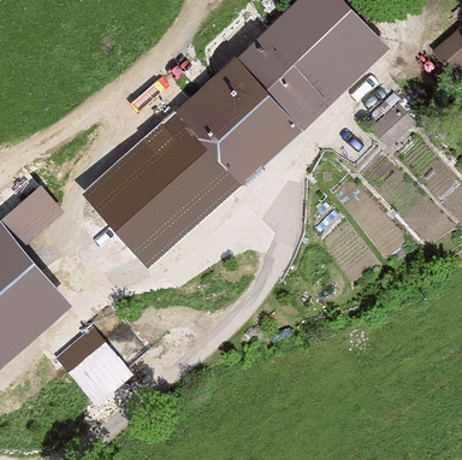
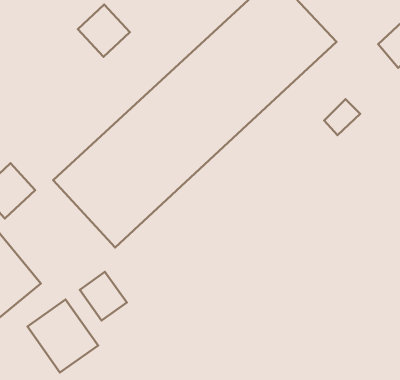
building: none -> [78,5,130,57]
building: none -> [80,272,127,320]

